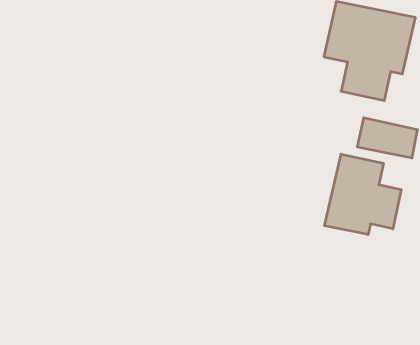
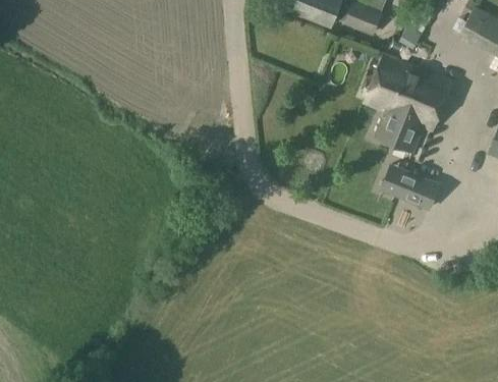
building: [324,154,401,235] -> none

